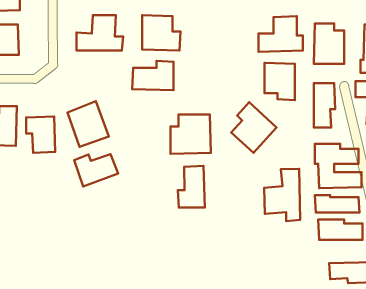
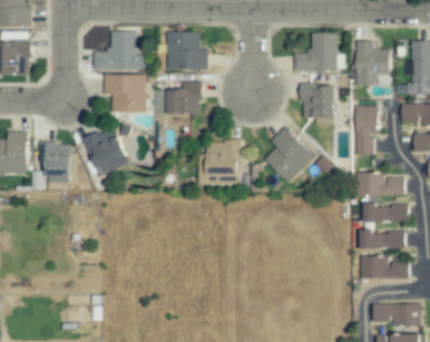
building: none -> [104,75,145,113]
building: [74,154,118,187] -> none
building: [178,166,205,208] -> none
building: [264,169,300,221] -> none

